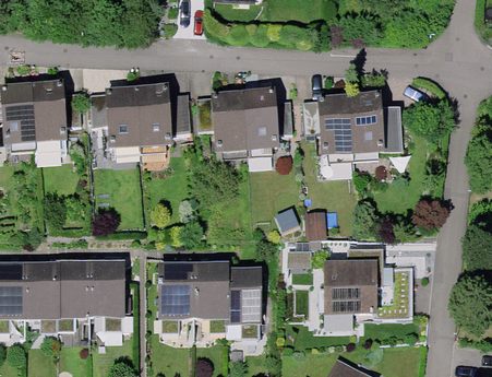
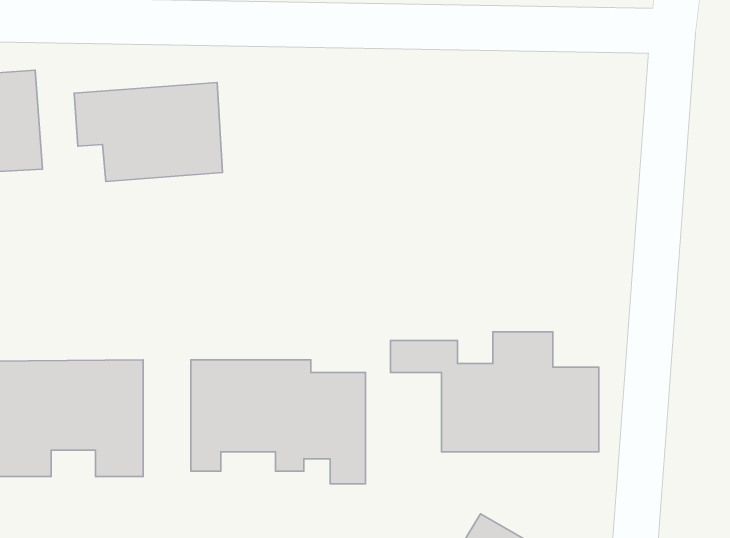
building: [192,91,293,158] -> none
building: [299,92,404,161] -> none

